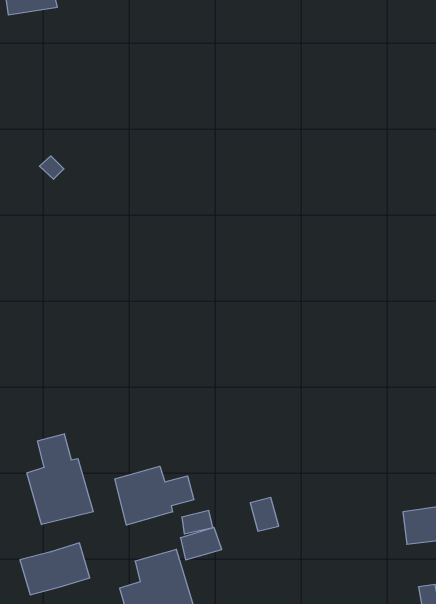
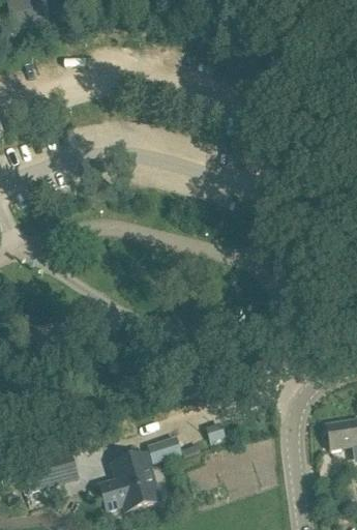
building: [27,434,93,525] -> none
building: [115,466,194,525] -> none

